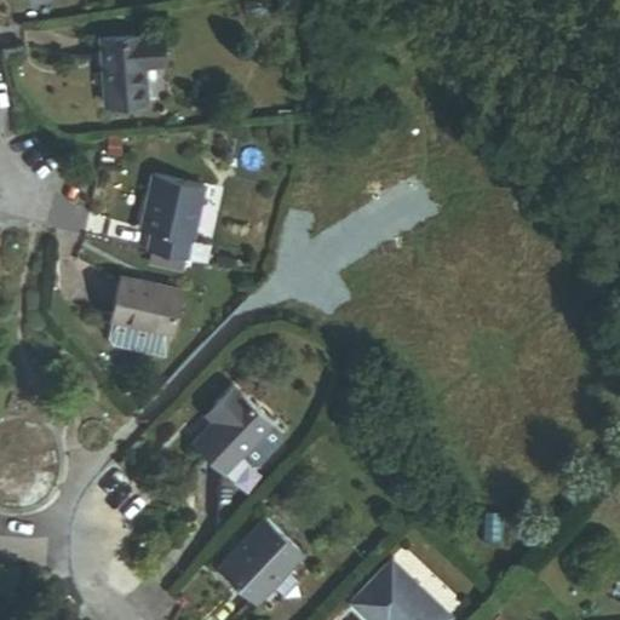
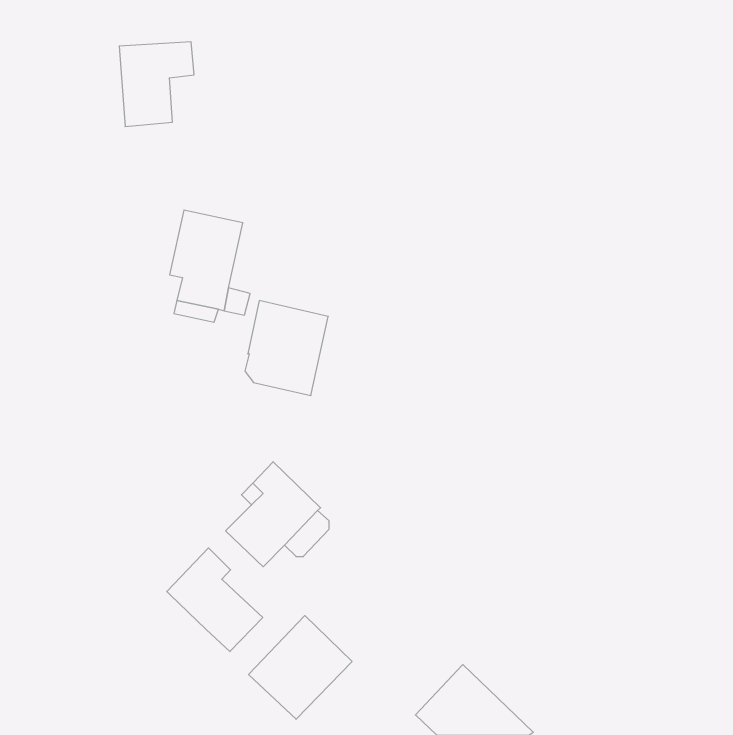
building: [111,277,182,357] -> [245,301,328,396]
building: none -> [167,548,263,652]

